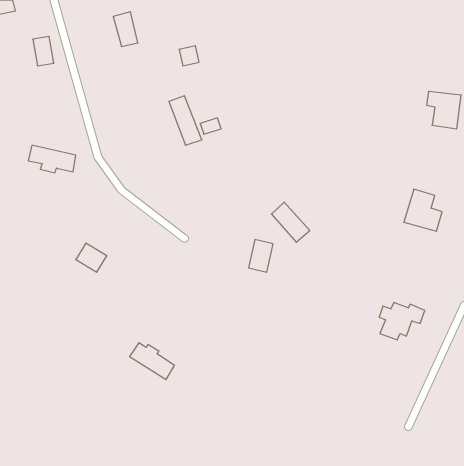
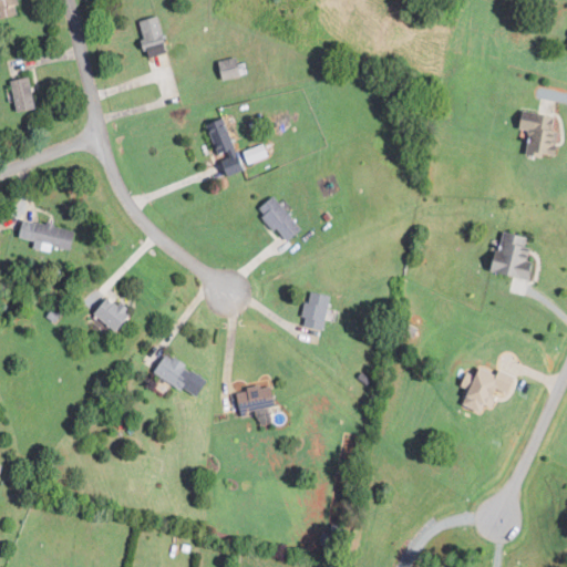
building: [33,37,54,66] -> [10,78,35,113]
building: [28,145,76,173] -> [18,219,75,252]
building: [271,202,310,242] -> [256,195,302,244]
building: none -> [235,385,276,412]
building: [130,343,174,379] -> [153,354,207,399]

